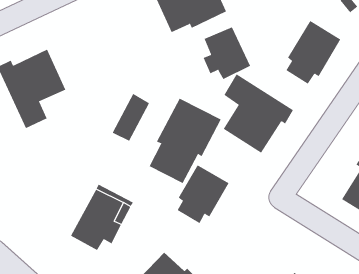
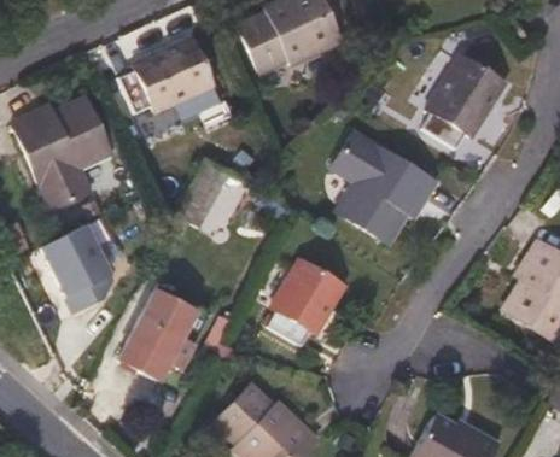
building: none -> [122,37,214,112]
building: [203,26,251,80] -> none
building: [149,98,222,184] -> none
building: none -> [40,211,129,304]

